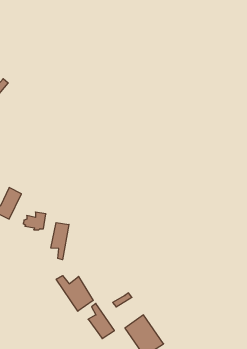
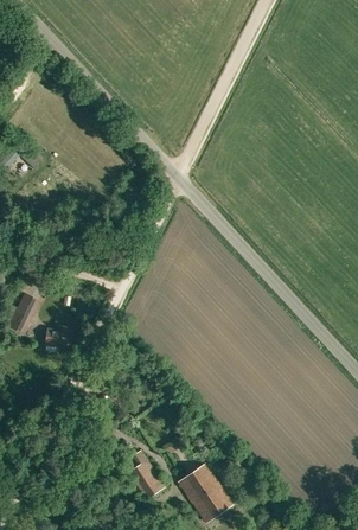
building: [51,223,69,260] -> none
building: [56,276,93,311] -> none

